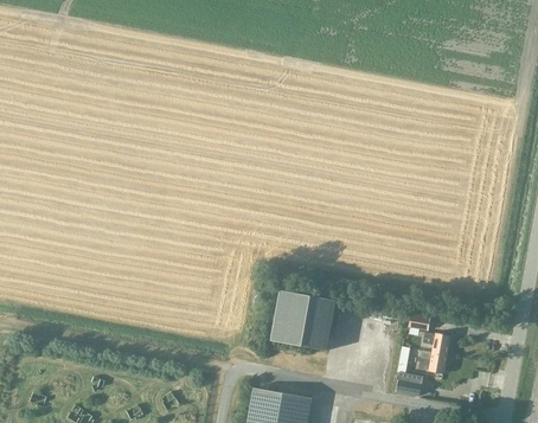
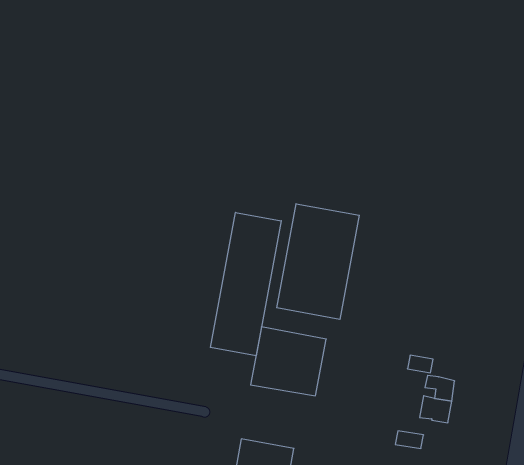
building: none -> [277,204,359,319]
building: none -> [210,212,281,356]

